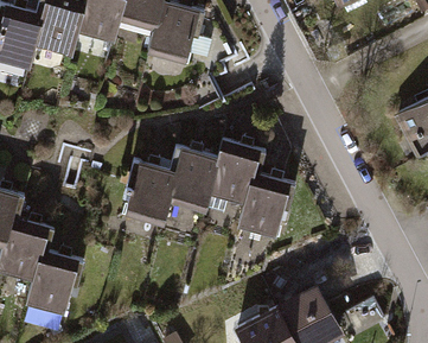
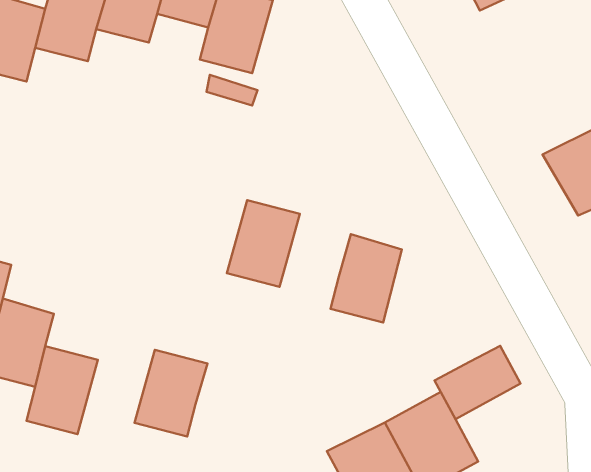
building: [207,140,258,202] -> none
building: [123,161,174,222] -> [134,350,207,436]
building: none -> [435,346,521,419]

